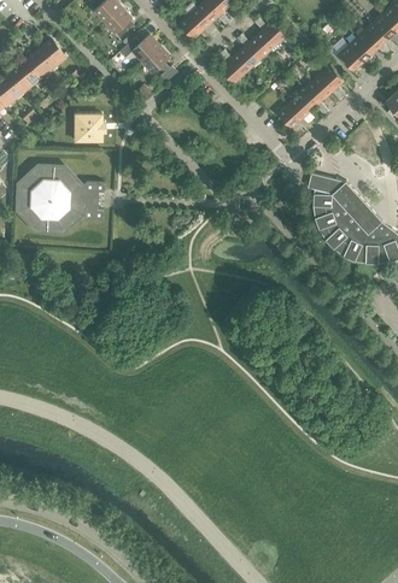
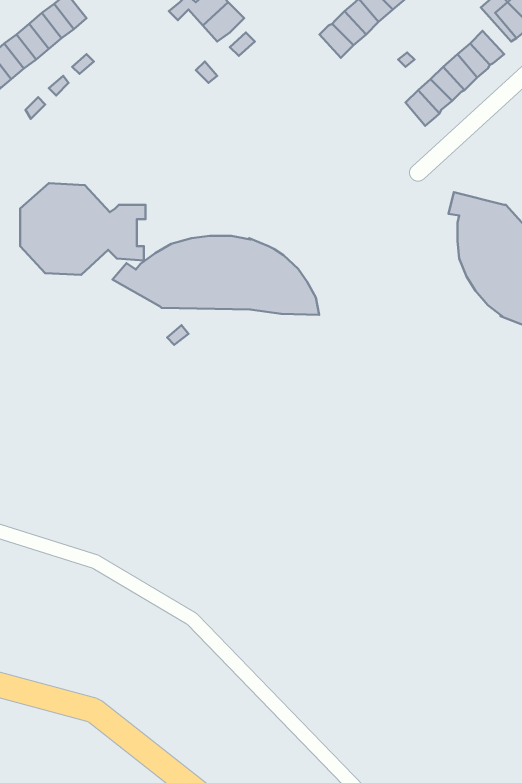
building: [74,114,100,141] -> none
building: none -> [113,236,319,315]

